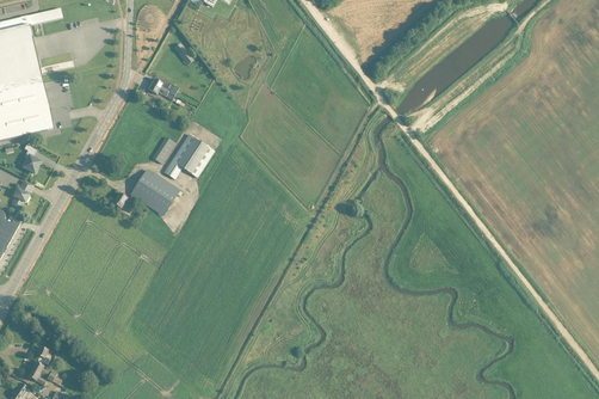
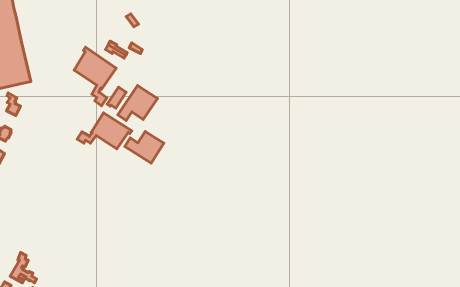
building: none -> [74,47,116,106]
building: none -> [125,131,164,163]

